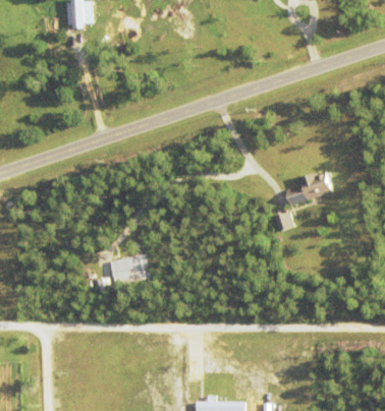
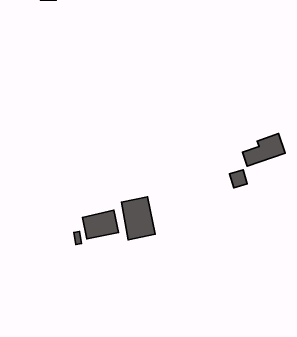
building: none -> [121,197,155,240]

